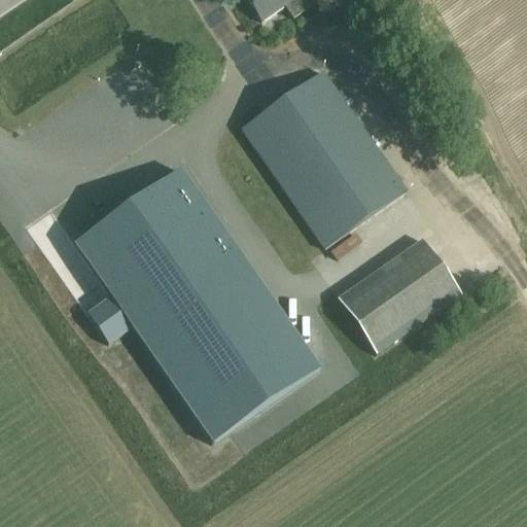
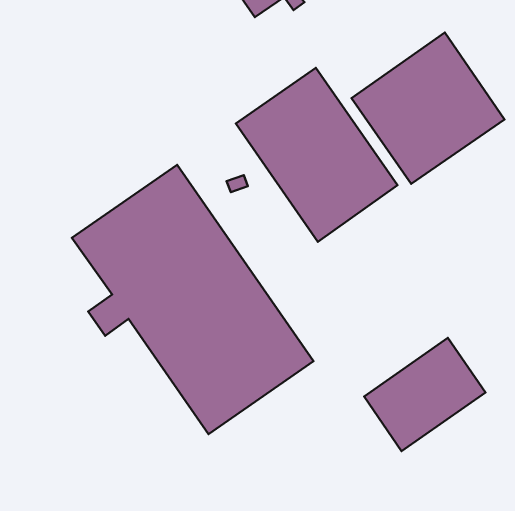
building: none -> [351,33,504,184]
building: [338,237,461,352] -> [364,338,485,451]

